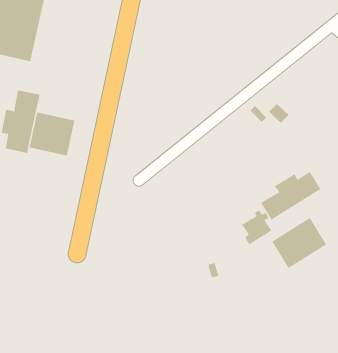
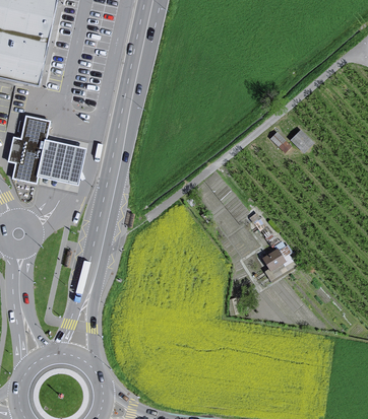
building: [260,171,321,221] -> none
building: [272,217,327,269] -> none

